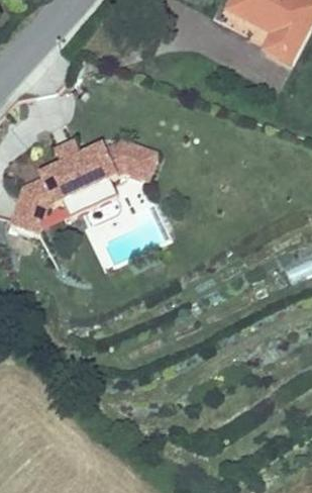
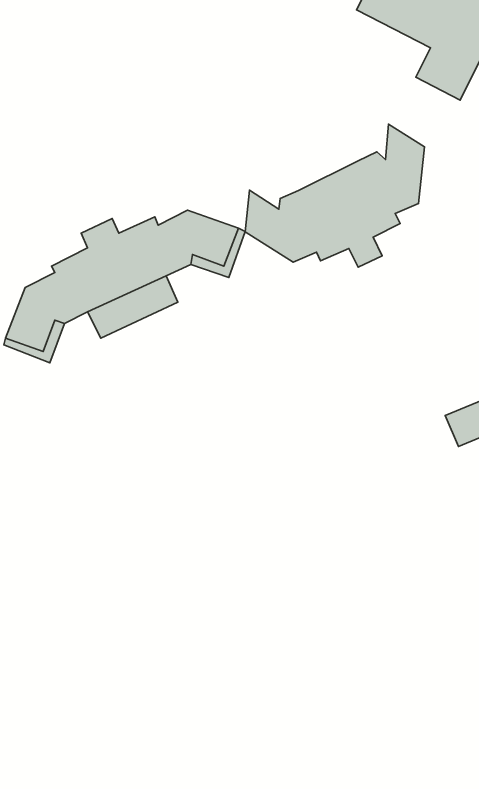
building: none -> [245,124,424,267]

